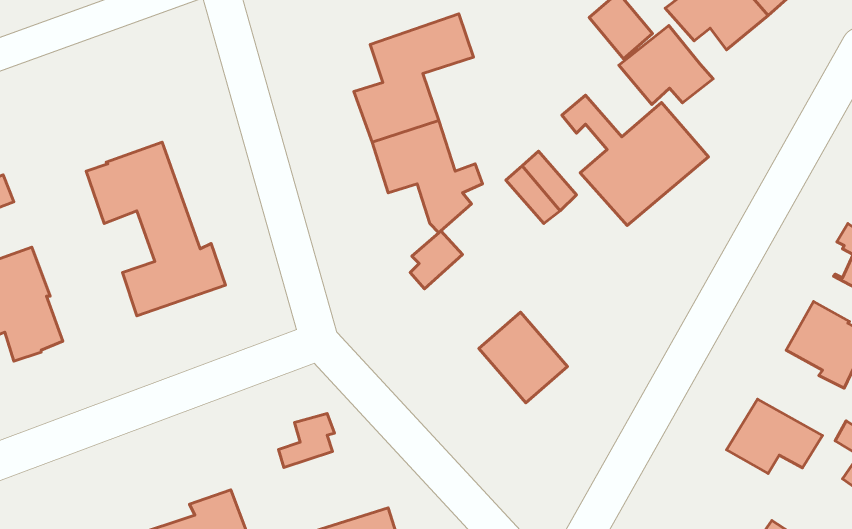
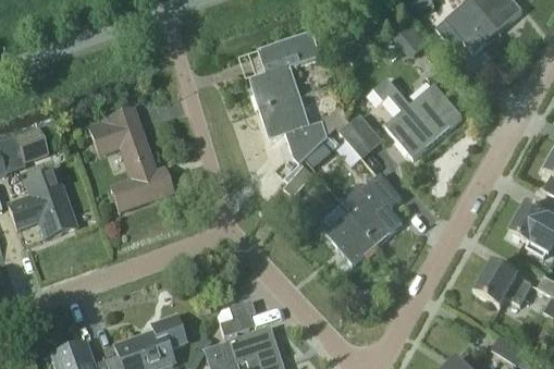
building: [619,25,713,104] -> none
building: none -> [341,172,405,242]
building: [278,413,334,468] -> [220,302,254,334]

